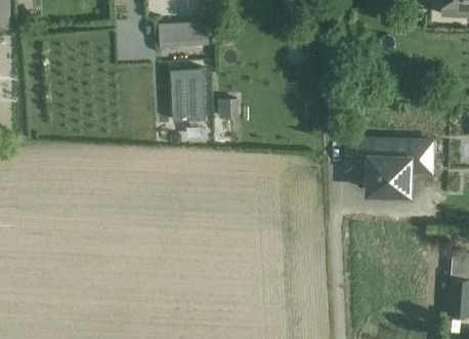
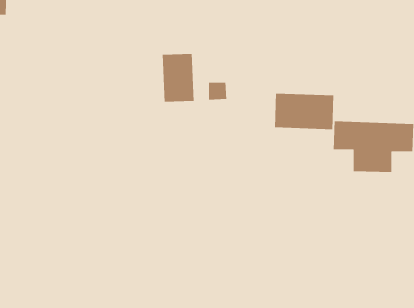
building: [159,22,208,46] -> none
building: none -> [274,93,334,130]

